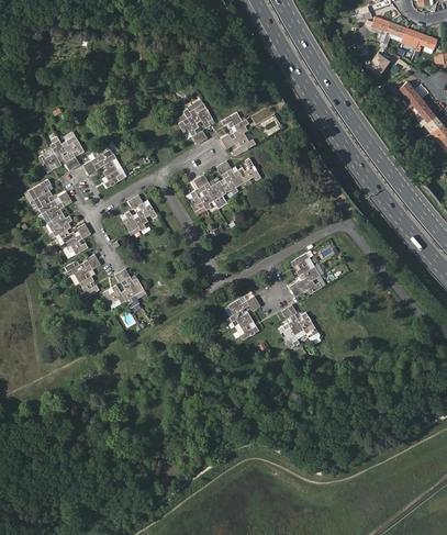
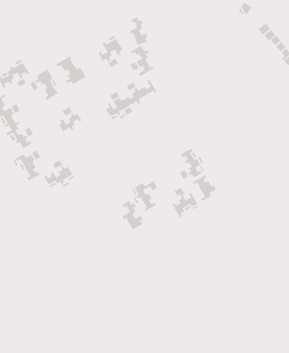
building: none -> [129,16,148,46]
building: none -> [55,55,87,85]
building: none -> [192,174,217,202]
building: none -> [121,200,144,230]

